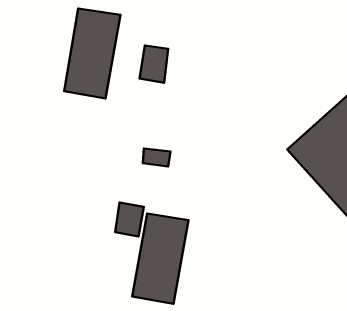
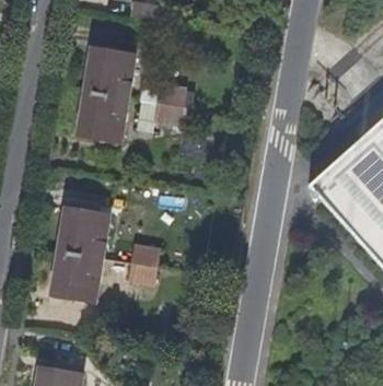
building: [132,214,189,304] -> [51,208,109,301]

